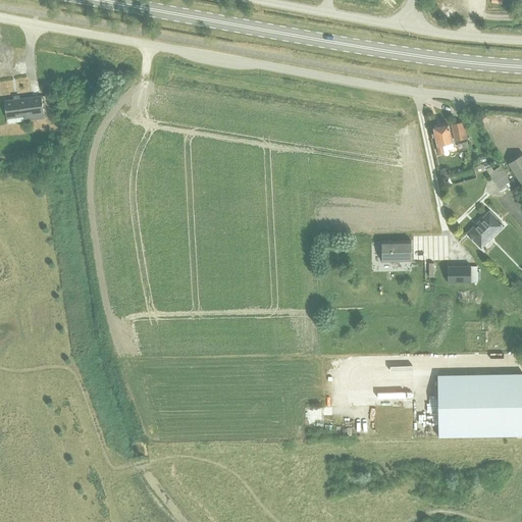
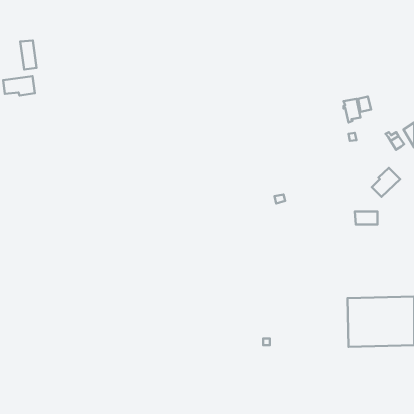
building: none -> [20,41,37,69]
building: [381,241,411,262] -> none

